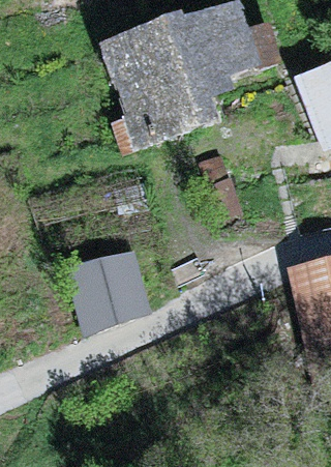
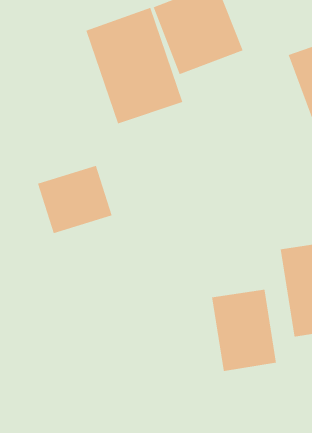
building: [72,251,150,321] -> [37,165,113,234]
building: none -> [211,289,276,372]

